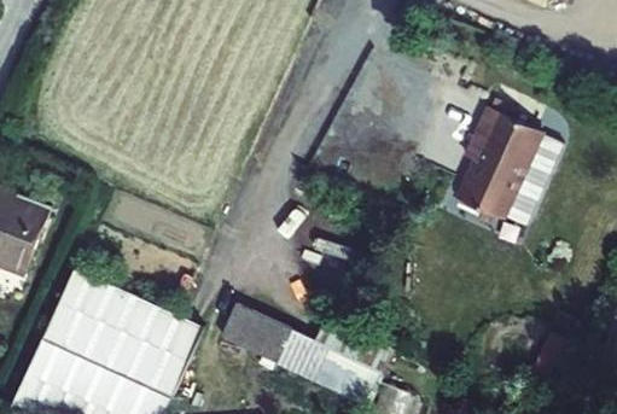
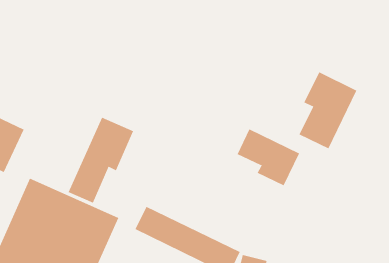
building: none -> [68,117,134,204]
building: none -> [237,128,300,186]

